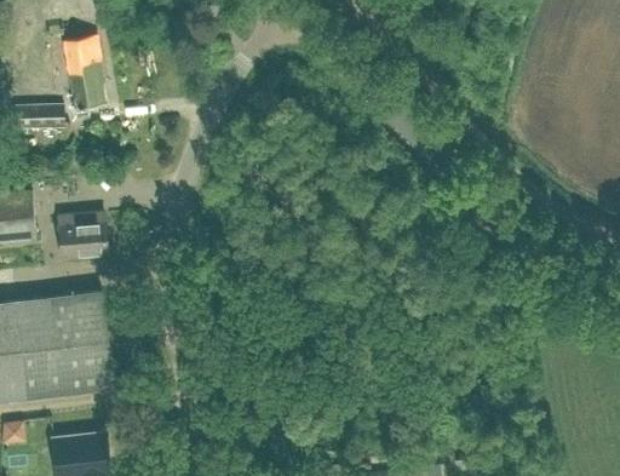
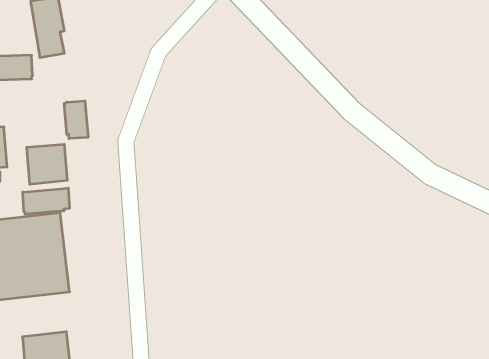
building: none -> [64,101,88,139]
building: none -> [23,188,69,214]

